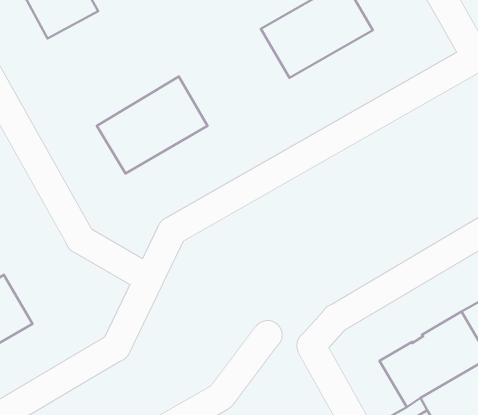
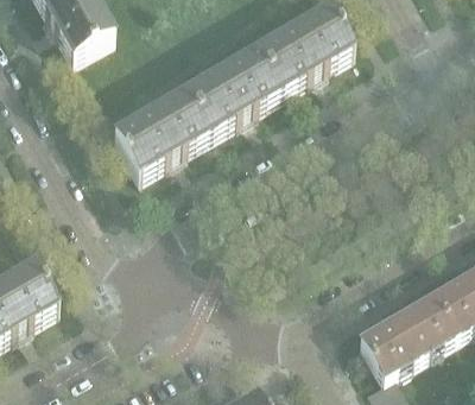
building: none -> [184,49,280,133]

